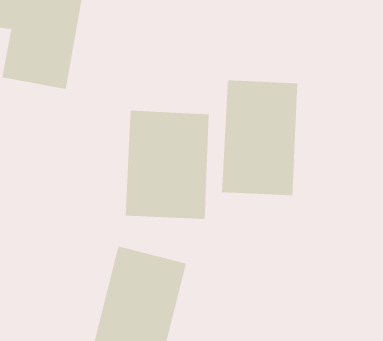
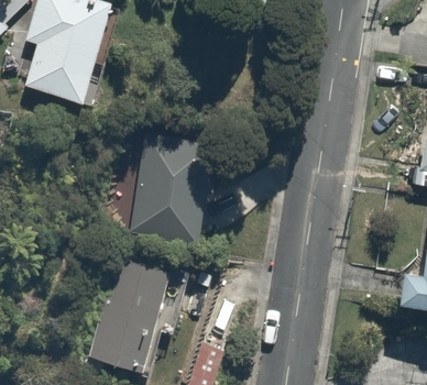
building: [221,80,298,196] -> none

